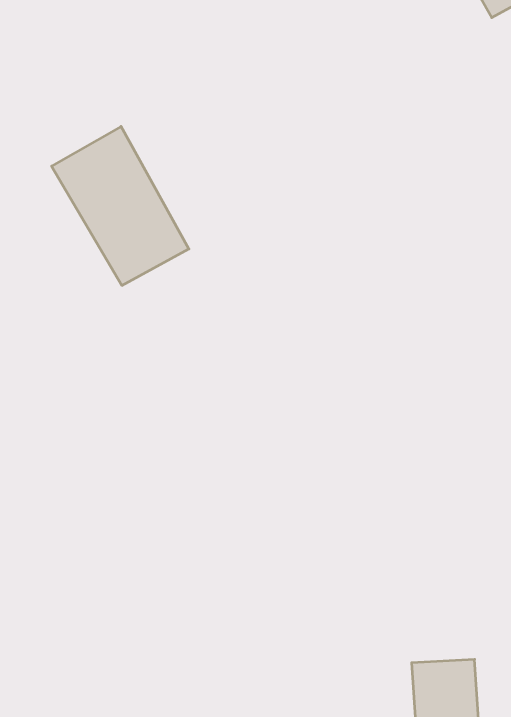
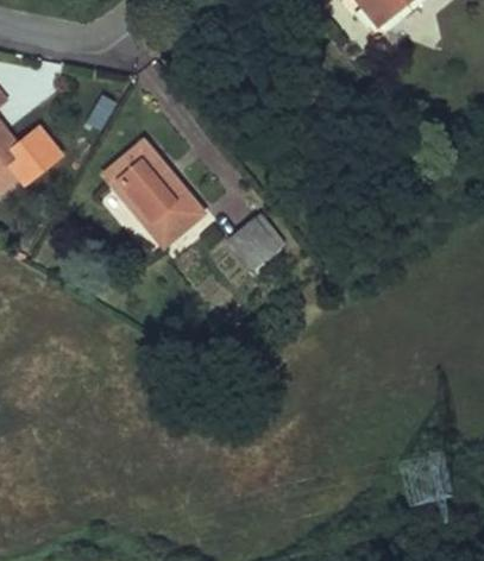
building: none -> [227,218,281,271]

